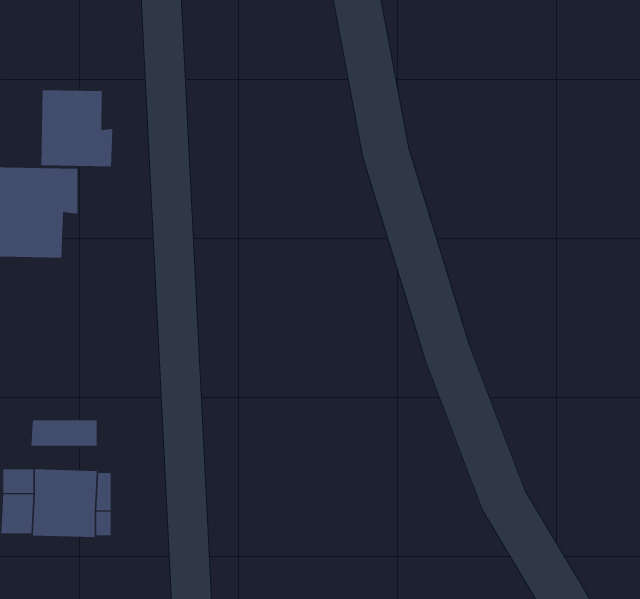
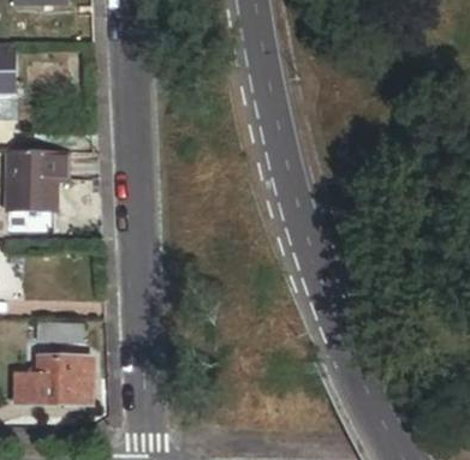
building: [41,89,113,167] -> none

